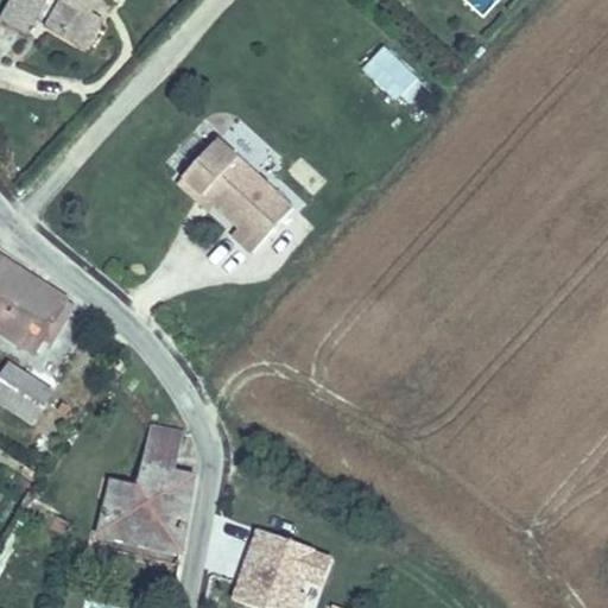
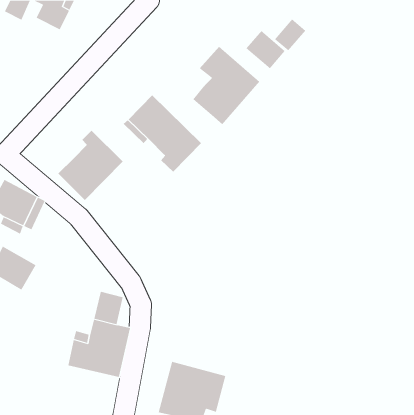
building: none -> [274,19,306,51]
building: none -> [192,46,260,125]
building: none -> [58,130,123,201]

